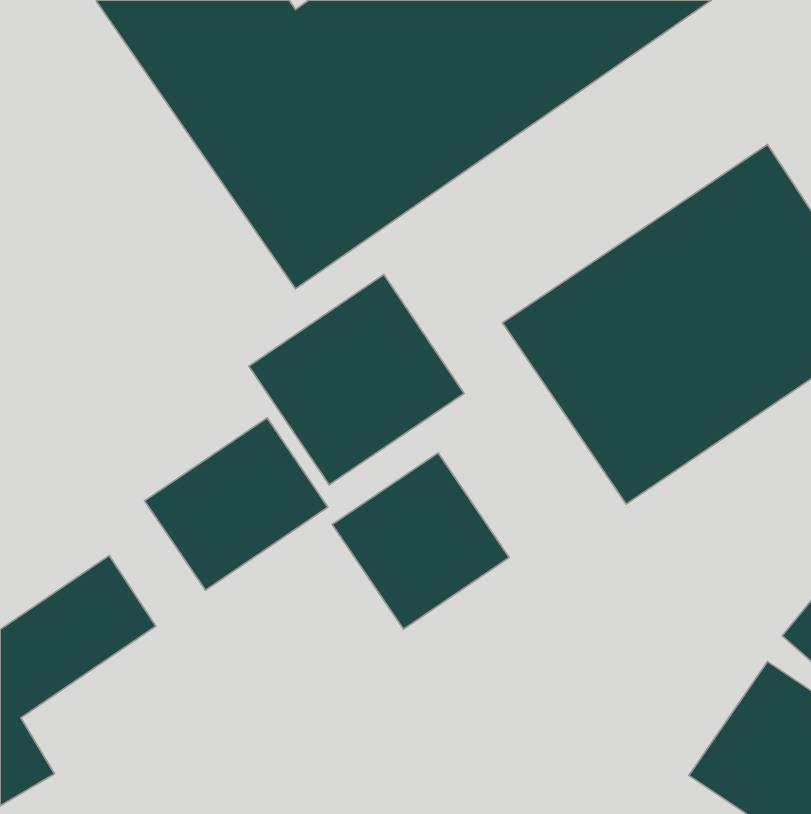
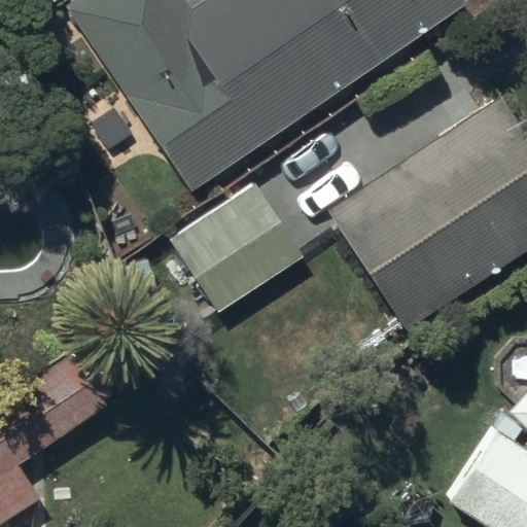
building: [145,418,328,590] -> none
building: [332,453,509,629] -> none

